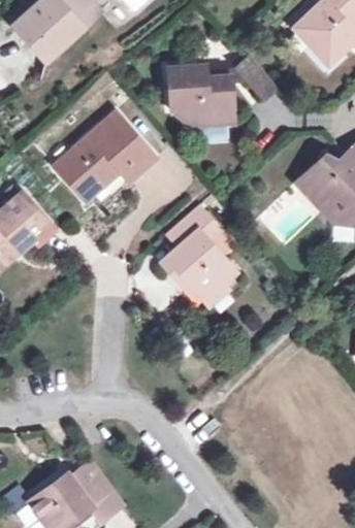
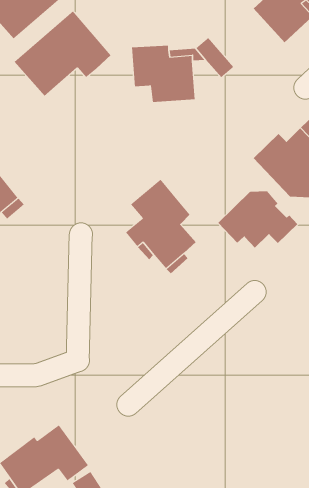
building: [53,111,155,201] -> [14,10,112,97]
building: none -> [217,191,298,249]

